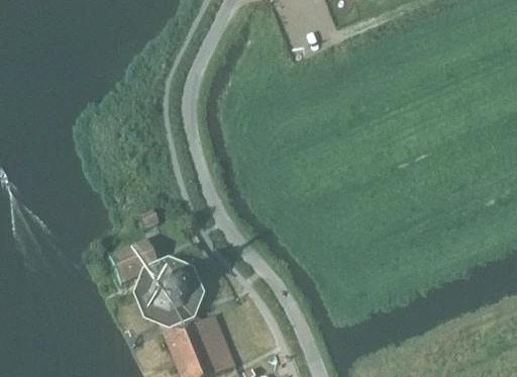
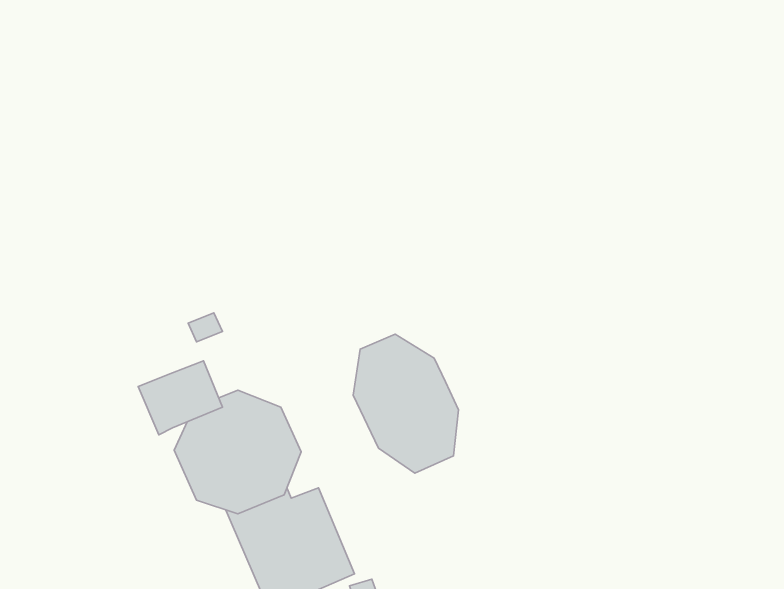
building: none -> [353,334,458,473]

